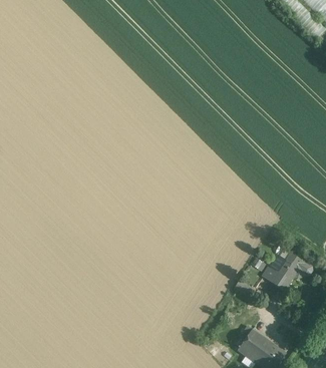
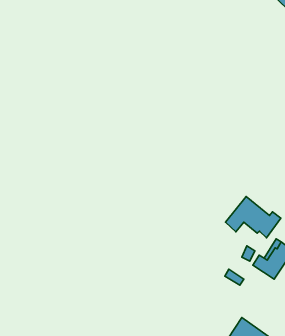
building: none -> [225,197,281,238]

